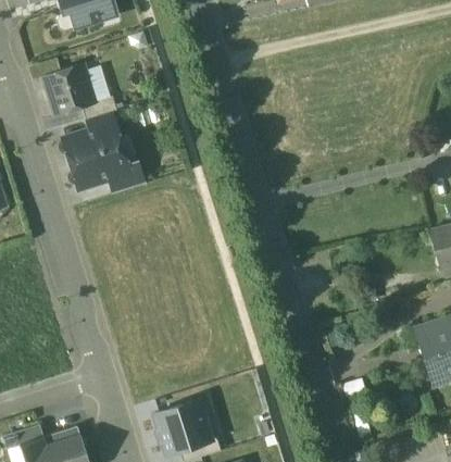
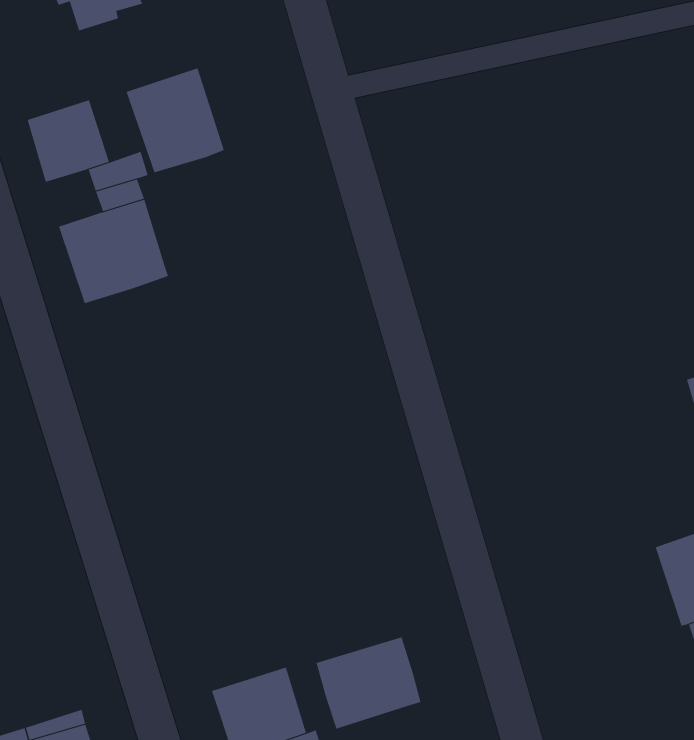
building: none -> [126,67,224,173]
building: [108,160,146,193] -> none
building: none -> [316,637,421,730]

